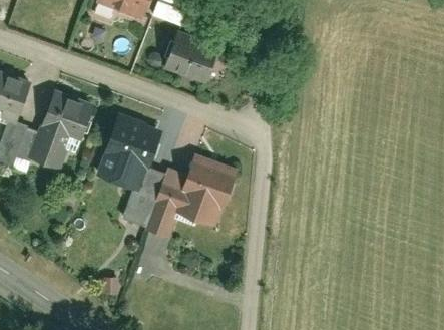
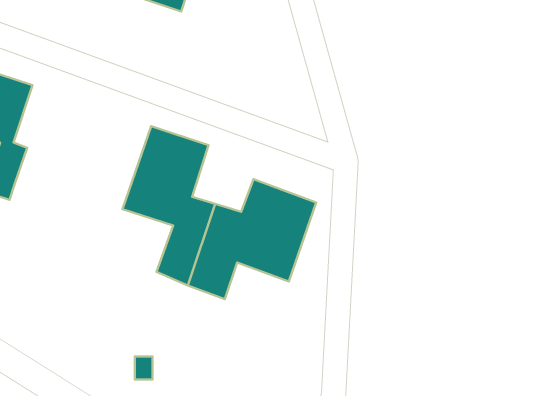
building: [162,28,218,83] -> none
building: [17,91,93,169] -> none

